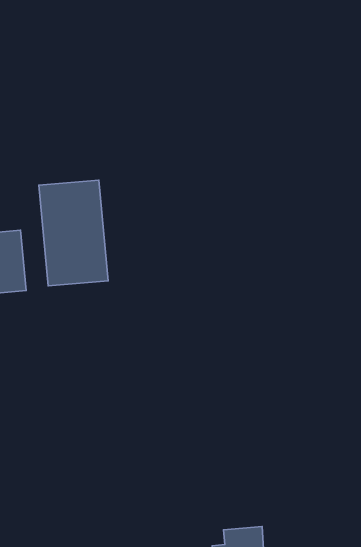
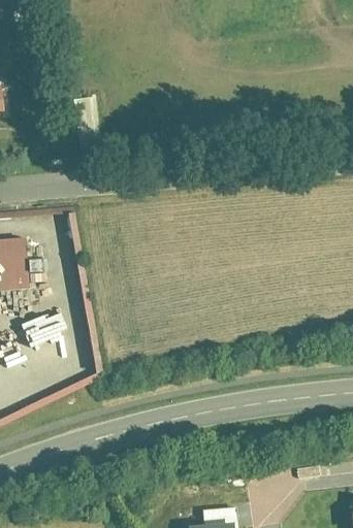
building: [39,180,108,286] -> none

